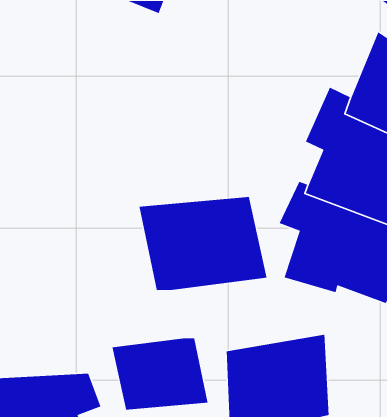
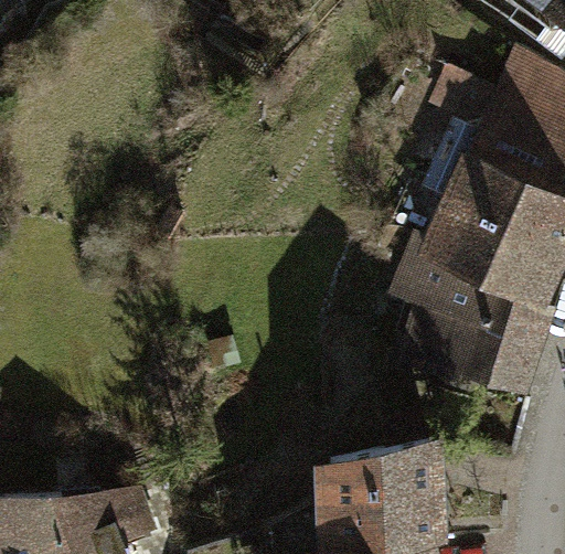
building: [138,196,268,291] -> none
building: [112,337,208,410] -> none

